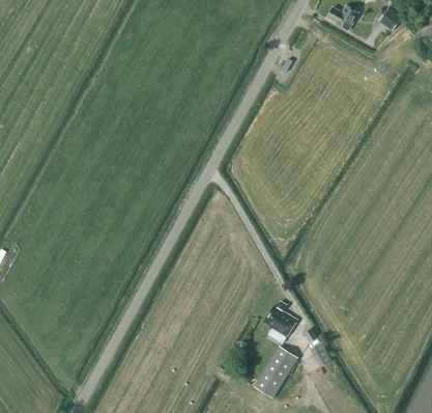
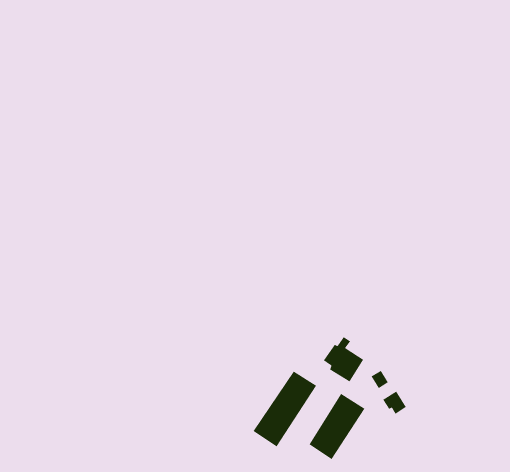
building: none -> [253,370,317,447]

